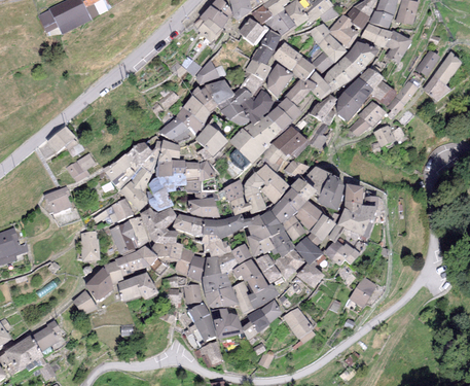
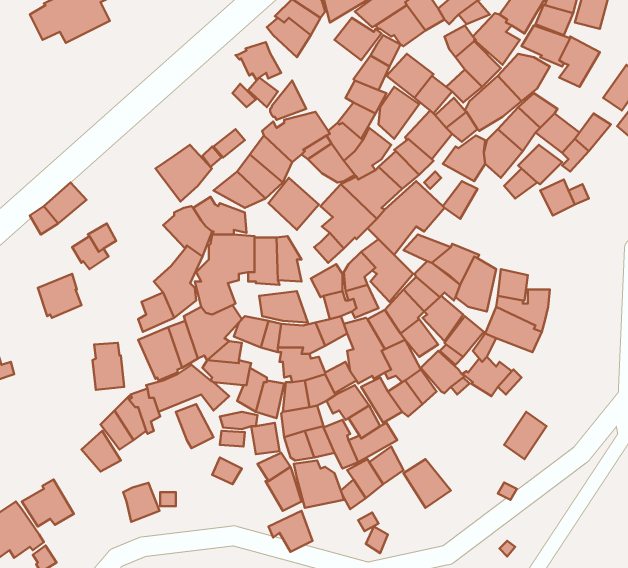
building: none -> [236,42,281,79]
building: [103,153,140,190] -> [155,145,212,201]
building: [295,262,324,288] -> none
building: [117,276,141,302] -> [123,483,159,522]

